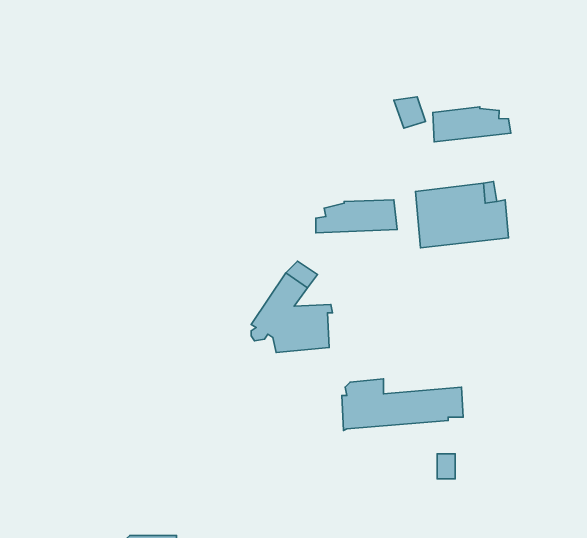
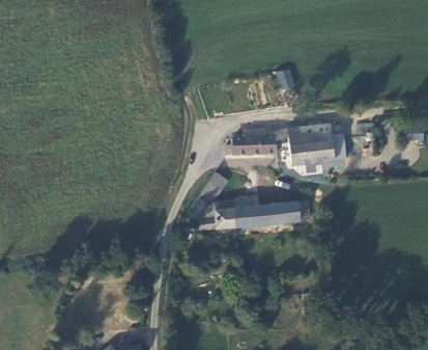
building: [433,107,511,142] -> none
building: [342,379,463,430] -> [233,196,309,228]

